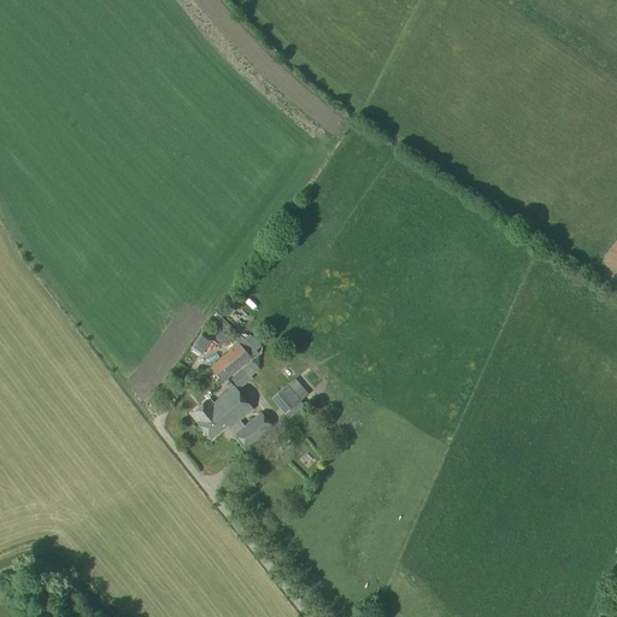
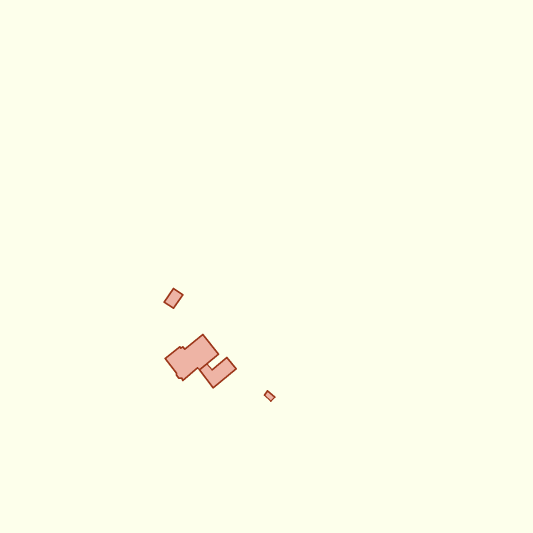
building: [211,339,259,382] -> none
building: [272,378,308,413] -> none

